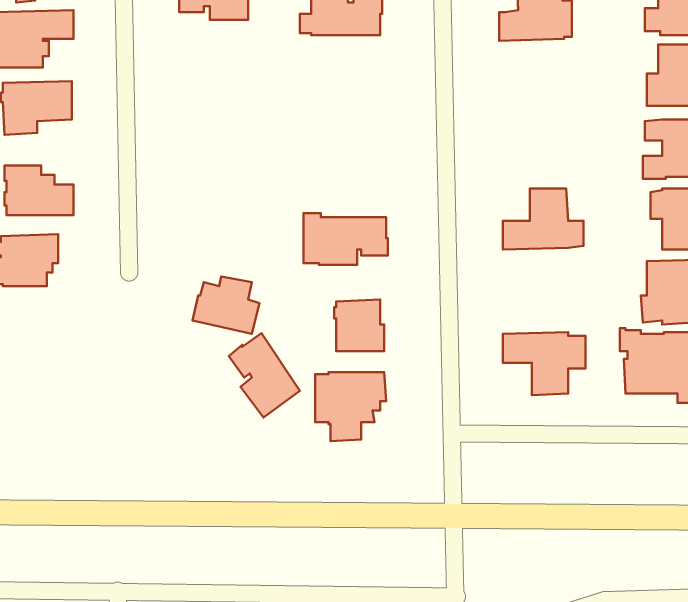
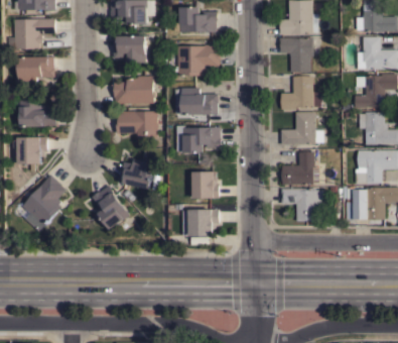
building: none -> [113,35,146,63]
building: none -> [279,37,313,72]
building: none -> [177,44,221,75]
building: none -> [114,76,153,104]
building: none -> [281,76,320,109]
building: none -> [180,87,219,114]
building: none -> [117,111,157,138]
building: none -> [282,148,318,185]
building: none -> [22,175,65,231]
building: [229,333,300,418] -> [92,185,129,229]

